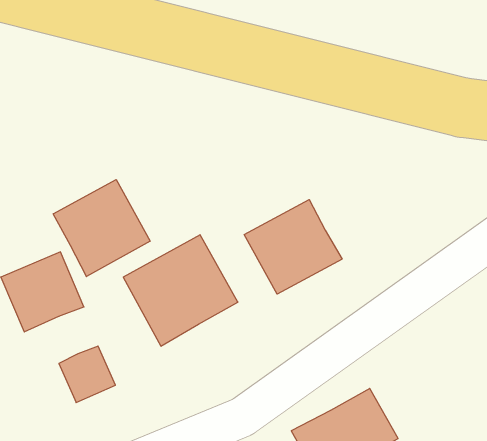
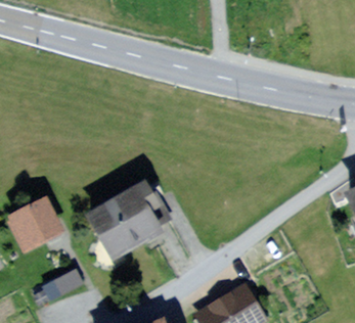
building: [53,180,150,277] -> none
building: [244,200,342,294] -> none

